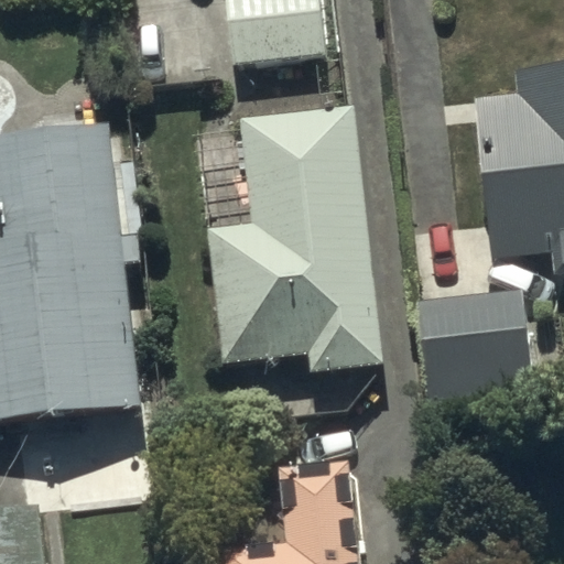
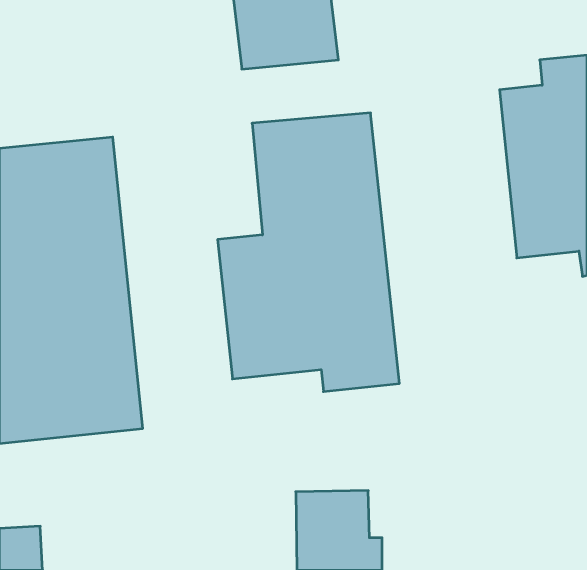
building: [419,294,531,402] -> none

